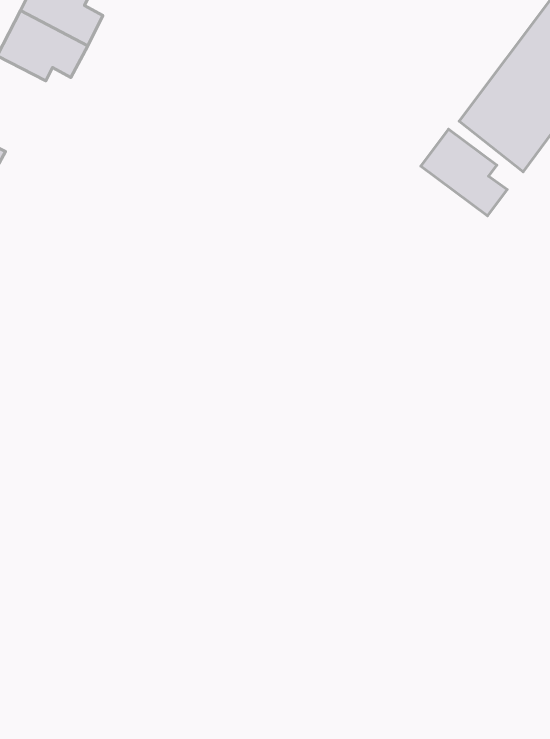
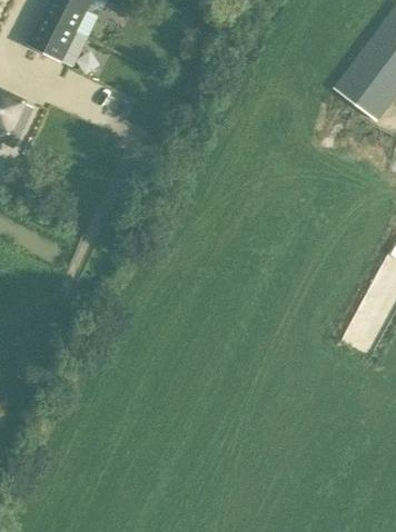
building: [421,129,507,216] -> none

